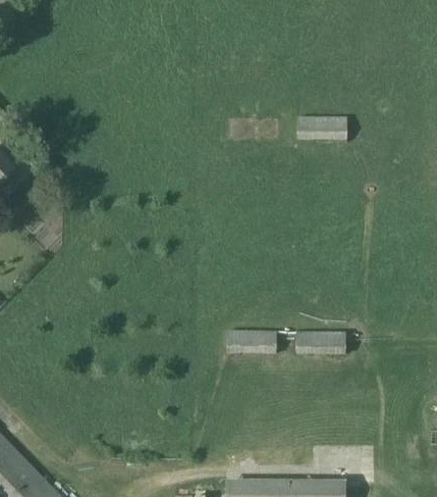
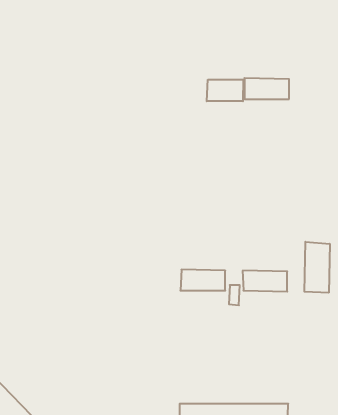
building: none -> [207,80,243,101]
building: none -> [304,242,330,293]

